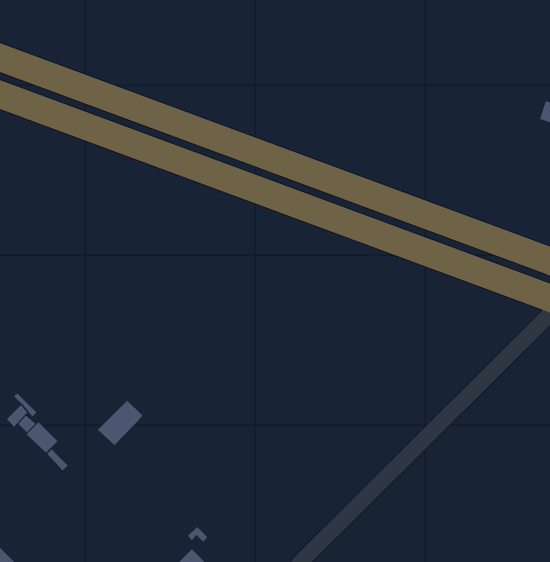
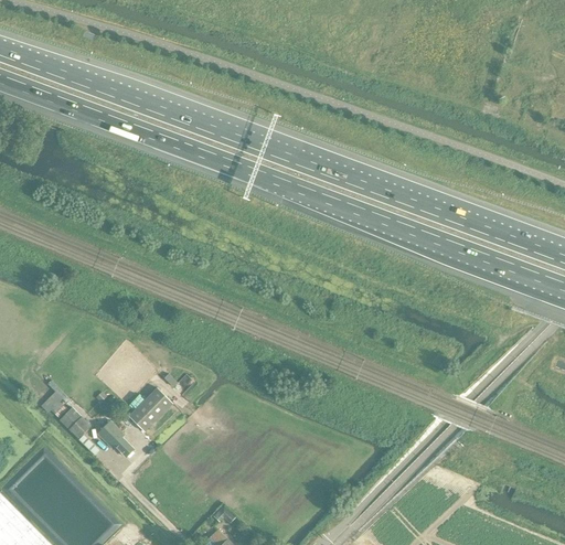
building: none -> [96,421,132,458]

